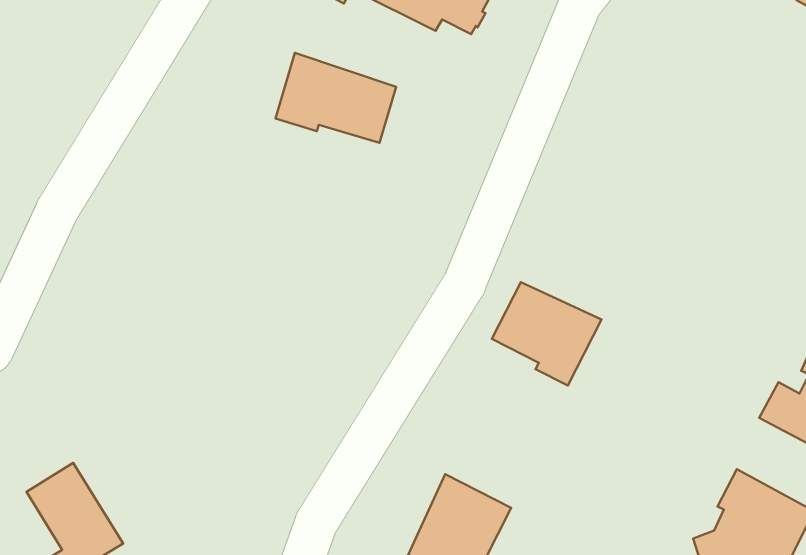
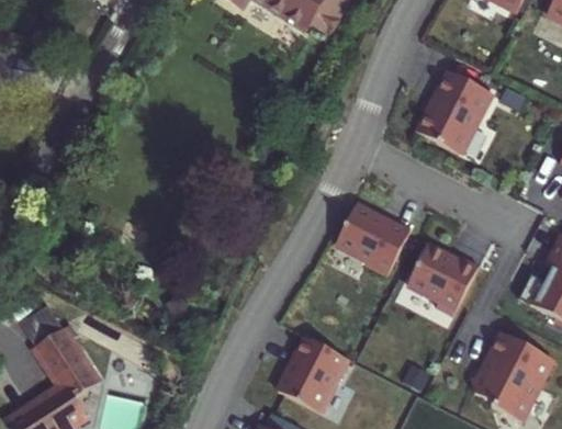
building: [275,53,396,143] -> none
building: none -> [432,77,510,160]
building: none -> [408,242,481,314]

